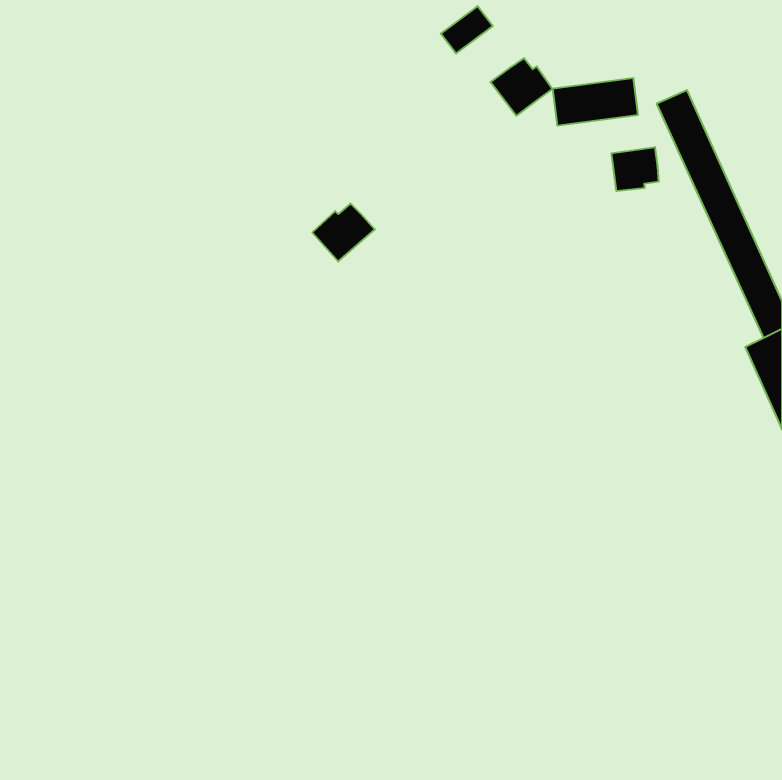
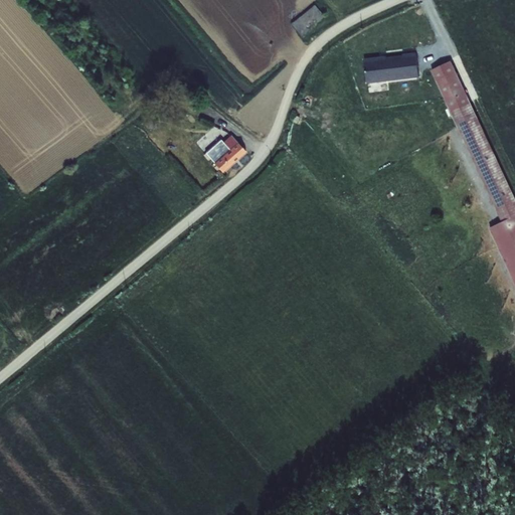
building: [490,58,552,116] -> none
building: [612,147,659,191] -> none

